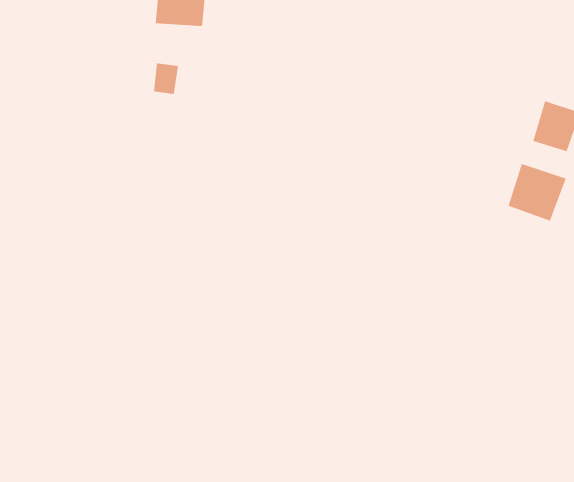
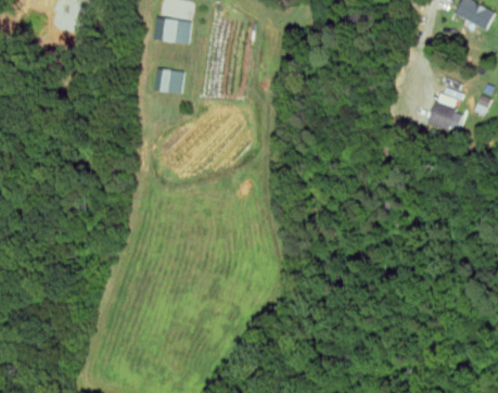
building: [508,163,566,221] -> none

